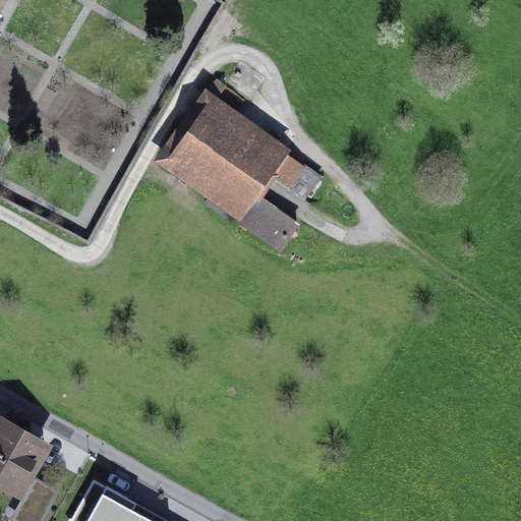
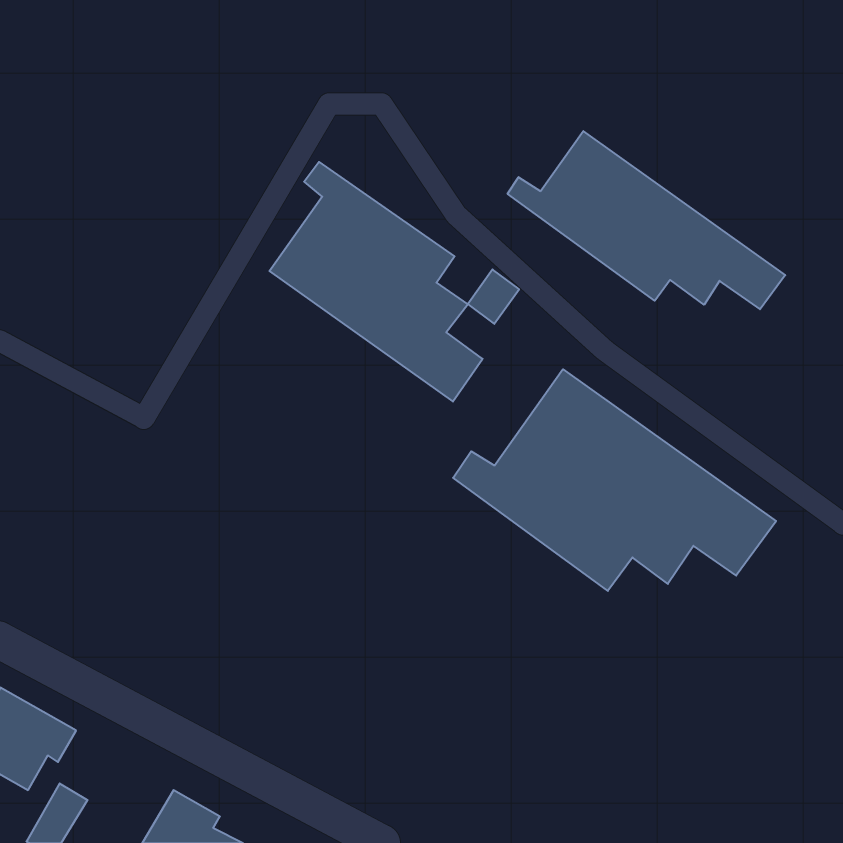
building: none -> [508,131,785,309]
building: none -> [453,369,776,591]

